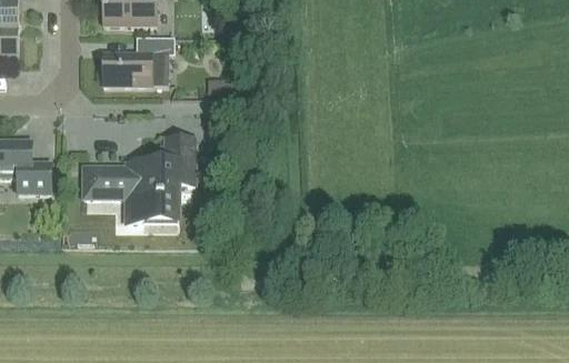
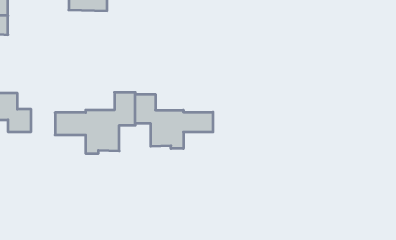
building: [102,37,173,85] -> none
building: none -> [135,94,213,149]

